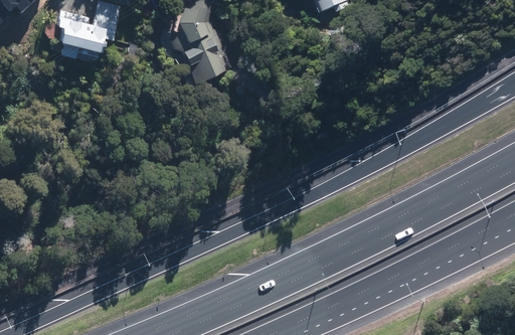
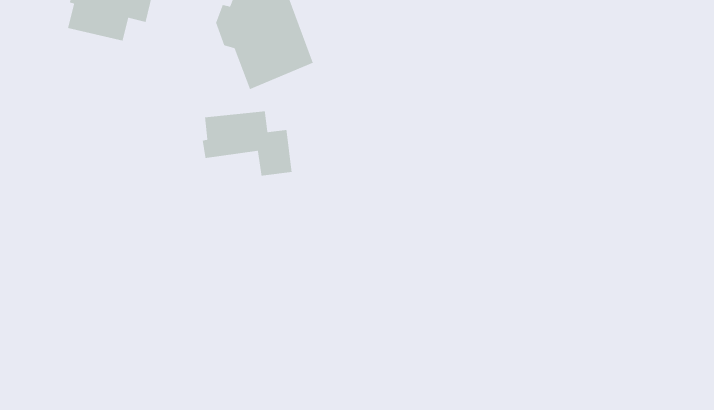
building: none -> [202,110,292,176]

